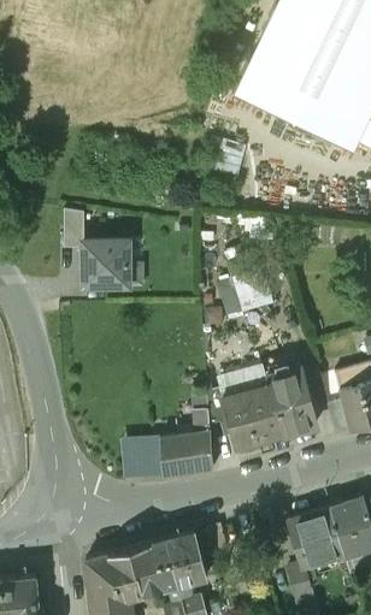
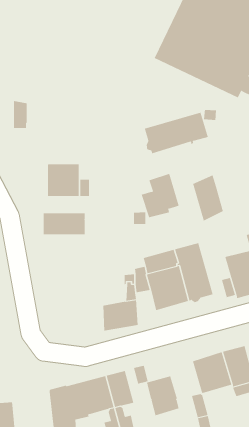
building: none -> [144,112,209,154]
building: [64,208,84,248] -> [13,100,28,129]
building: none -> [192,175,224,221]
building: none -> [43,213,85,235]
building: [124,440,163,479] -> none
building: none -> [146,376,179,416]

